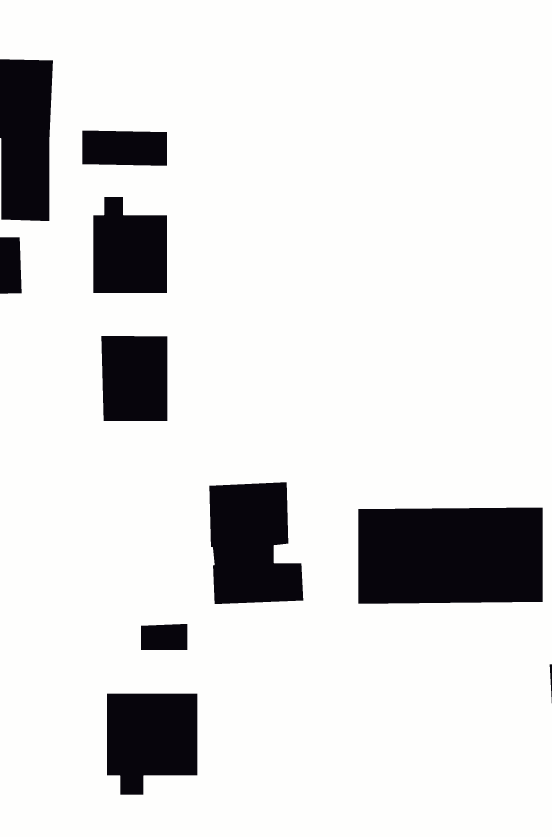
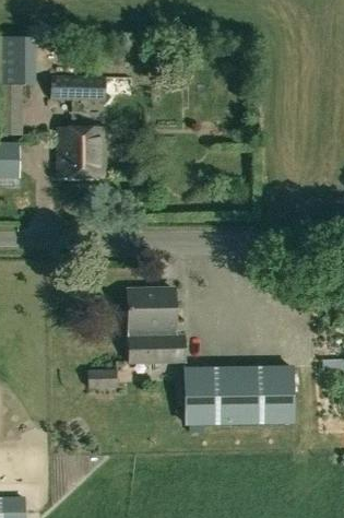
building: [101,335,168,422] -> none
building: [358,507,544,604] -> [183,367,294,425]
building: [106,693,198,795] -> none

